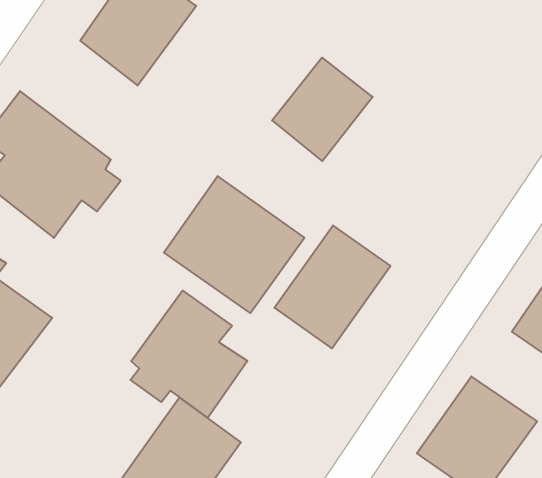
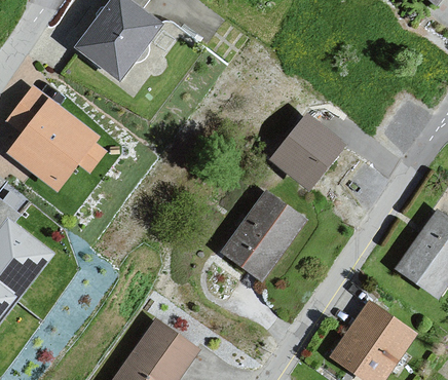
building: [272,58,373,161] -> [270,109,344,185]
building: [164,176,304,313] -> none
building: [130,291,247,418] -> none

